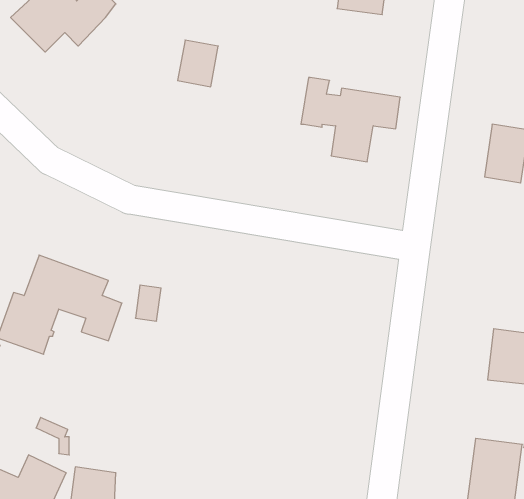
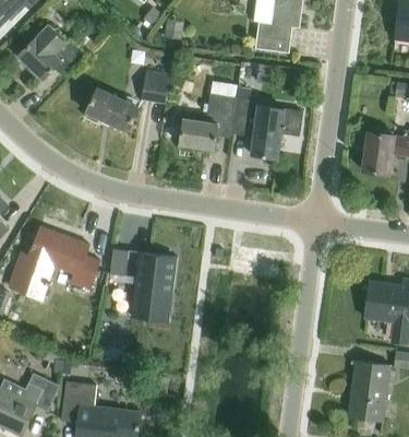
building: none -> [84,88,139,132]
building: none -> [179,94,234,150]
building: none -> [129,251,176,321]

